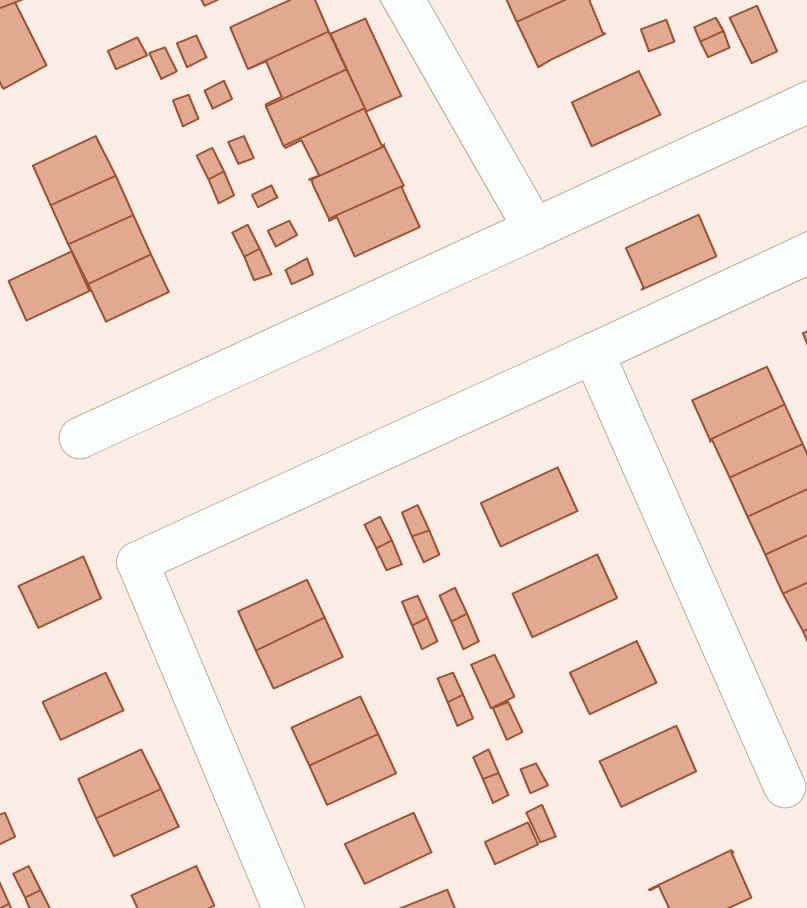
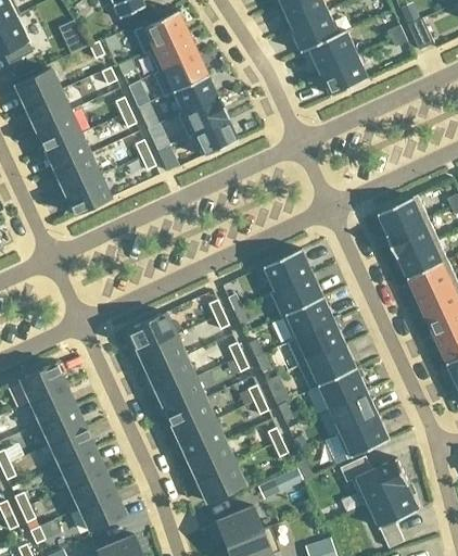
building: [331,18,401,111] -> none
building: none -> [309,29,357,72]
building: none -> [14,68,59,106]
building: [626,215,716,290] -> [378,194,428,236]
building: [9,251,89,320] -> [64,176,109,214]
building: none -> [264,249,313,292]
building: none -> [281,296,334,342]
building: none -> [126,312,175,352]
building: [18,557,101,628] -> [18,363,64,402]
building: none -> [298,344,356,390]
building: none -> [156,377,204,416]
building: none -> [330,391,378,434]
building: none -> [39,406,84,444]
building: none -> [186,441,233,480]
building: none -> [340,455,408,505]
building: none -> [68,470,114,508]

